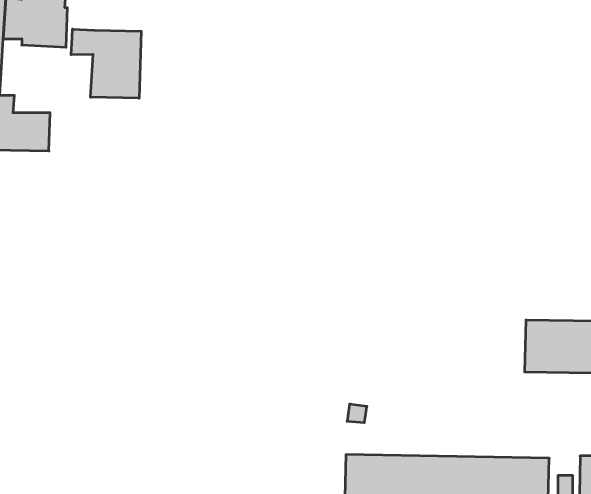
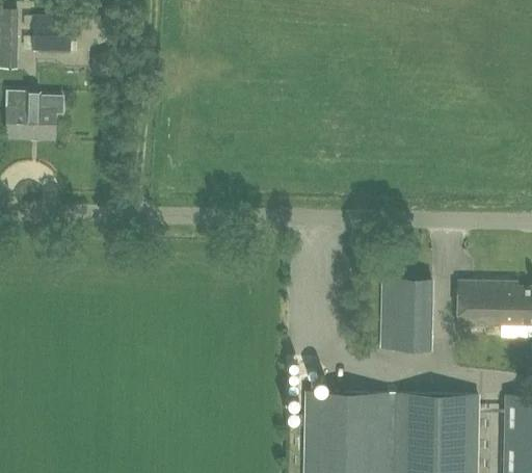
building: [71,29,141,98] -> none
building: none -> [381,275,432,345]

